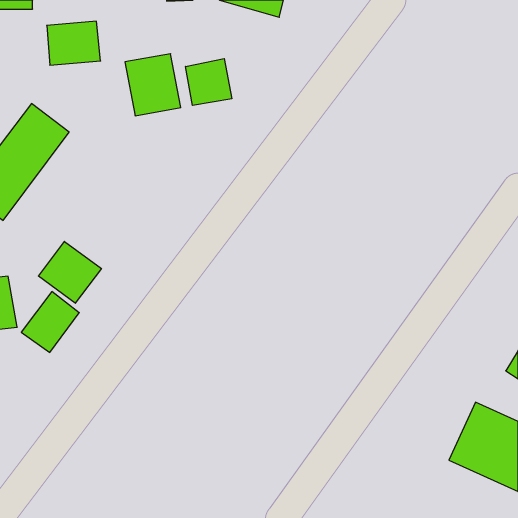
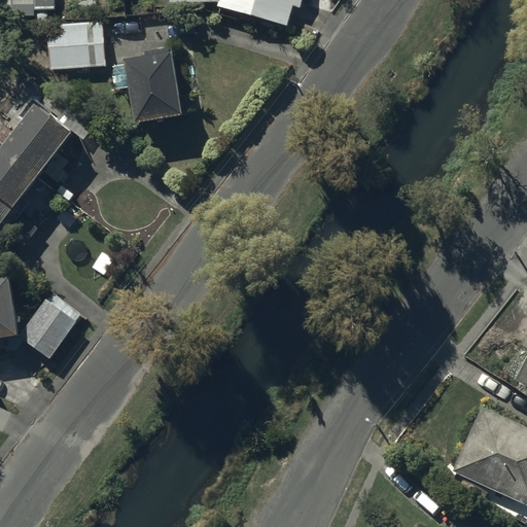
building: [186,59,232,105] -> none
building: [38,241,101,303] -> none

